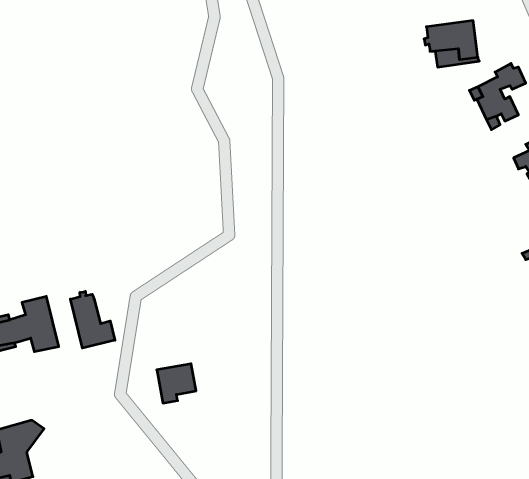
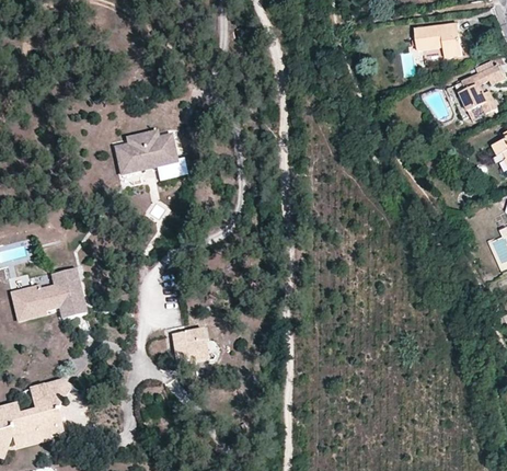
building: none -> [115,131,175,174]
building: [70,291,115,348] -> none

